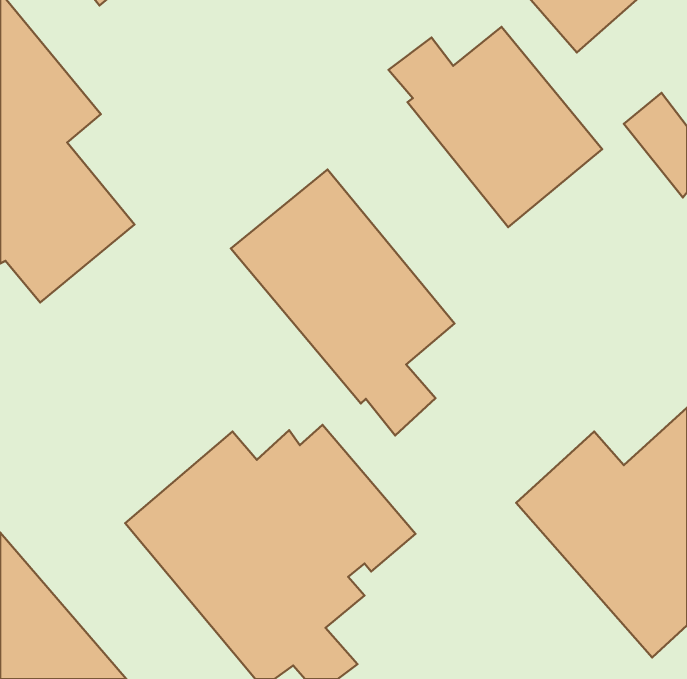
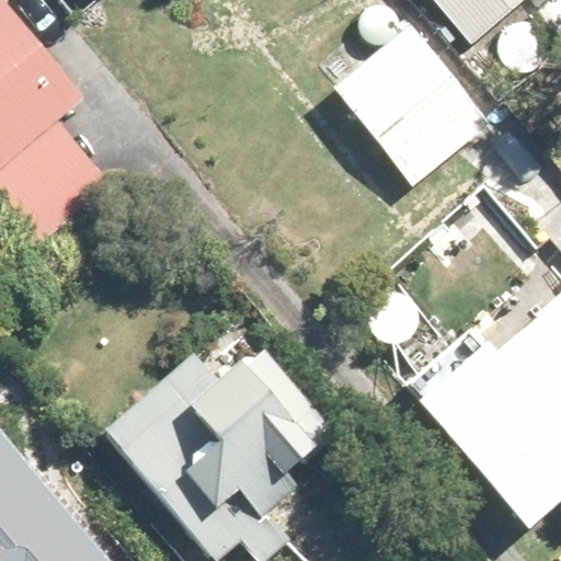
building: [231,169,455,435] -> none

